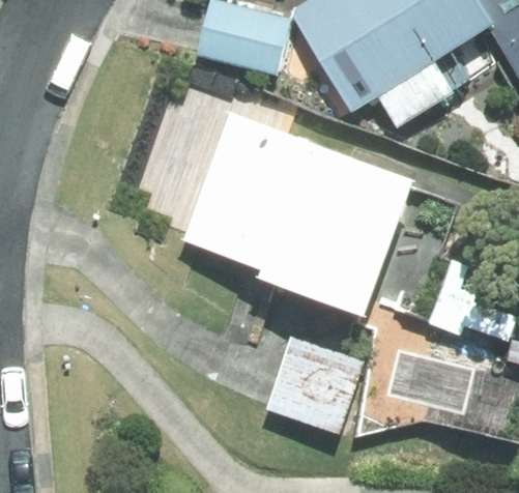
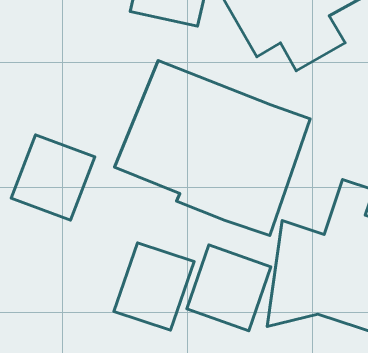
building: none -> [11,135,95,220]
building: none -> [114,243,194,330]

